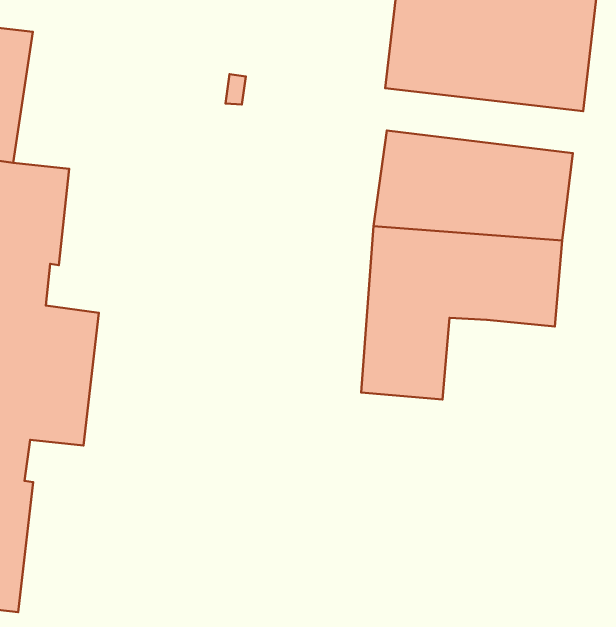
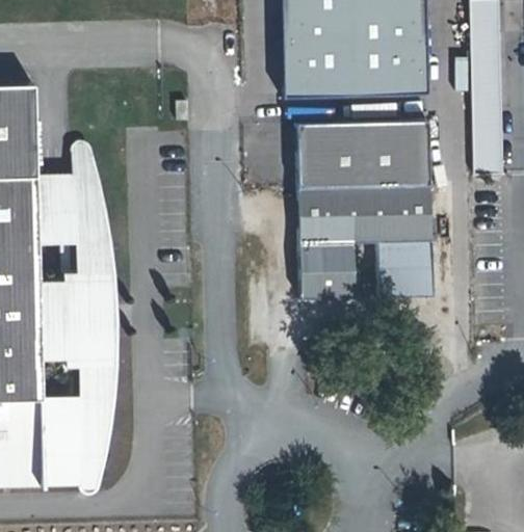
building: none -> [72,155,110,275]
building: none -> [379,241,429,294]
building: none -> [75,369,112,490]

